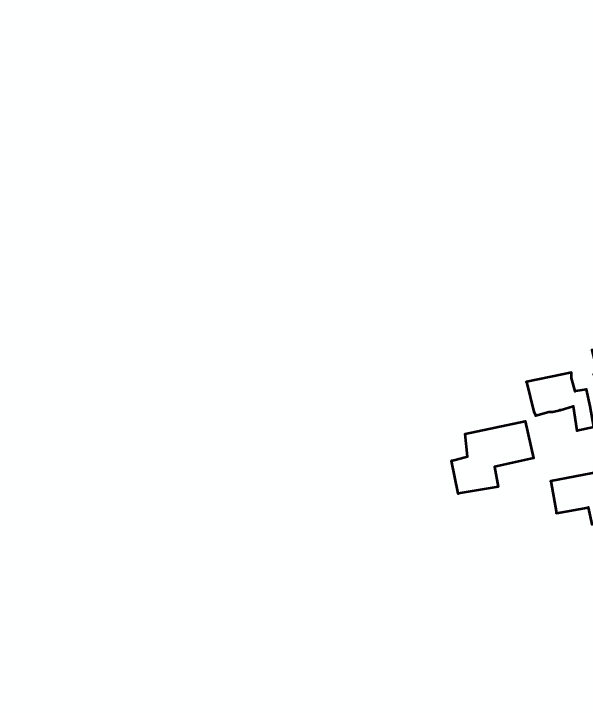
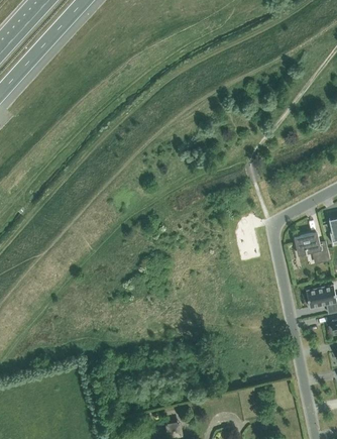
building: [452,421,534,494] -> none

